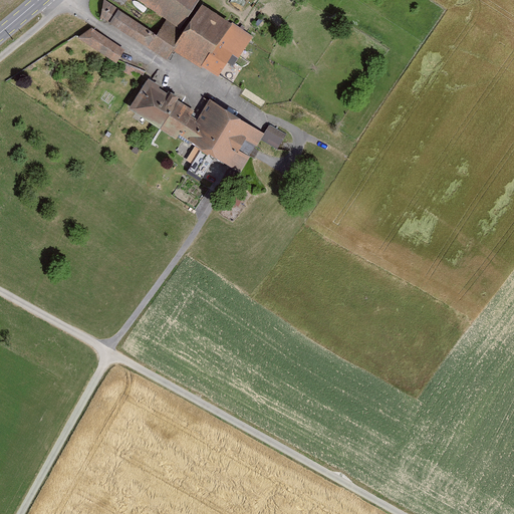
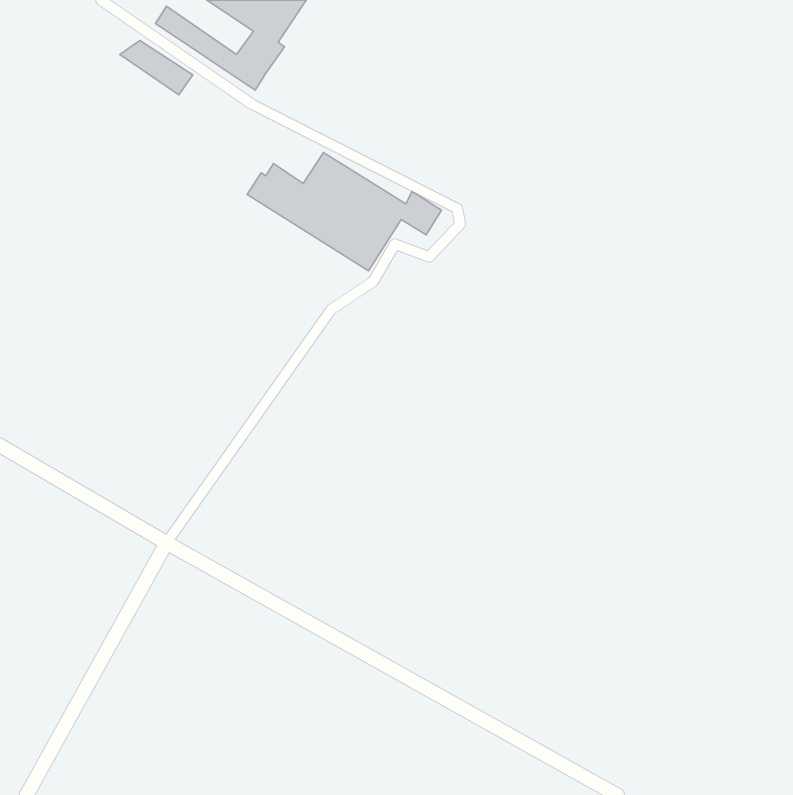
building: [172,4,251,75] -> none
building: [128,76,181,125] -> none

